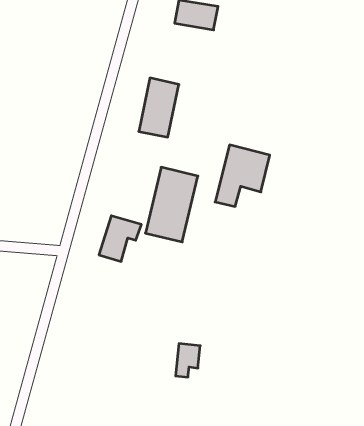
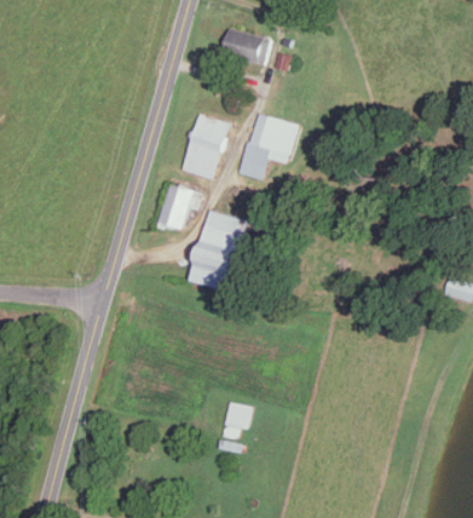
building: [215,145,270,206] -> [238,113,298,179]
building: [99,216,141,261] -> [156,183,202,232]

